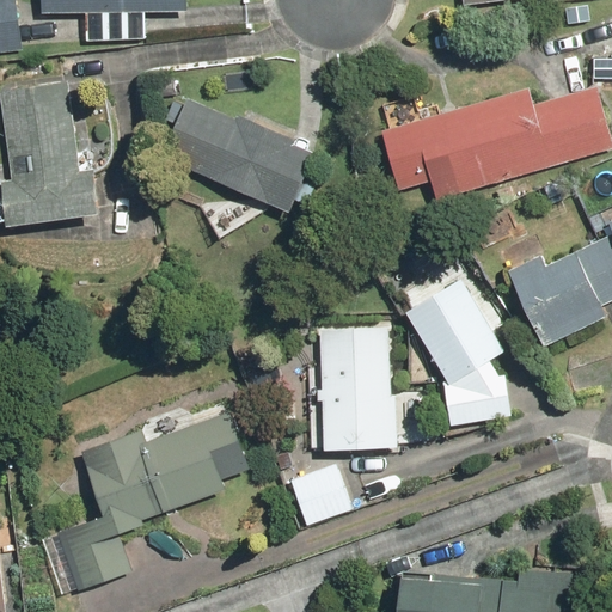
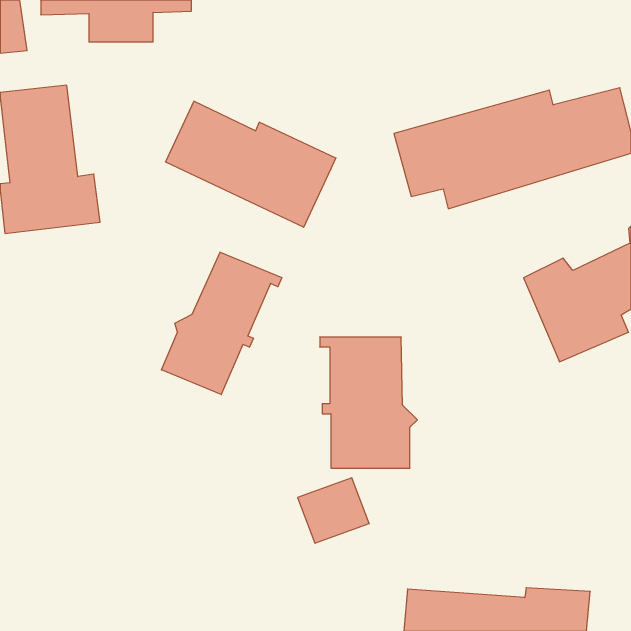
building: none -> [161,252,282,395]
building: [379,252,513,427] -> none
building: [43,412,252,598] -> none

